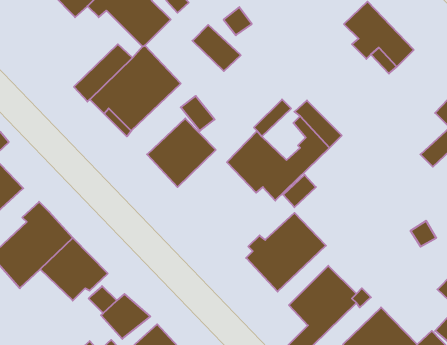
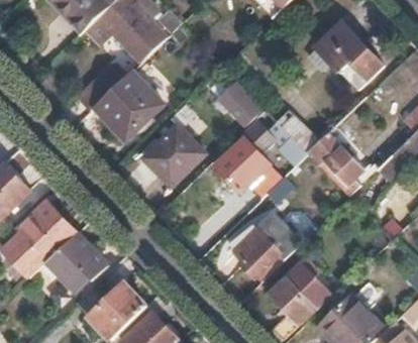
building: [192,25,241,71] -> [217,82,260,123]
building: none -> [306,133,362,196]

